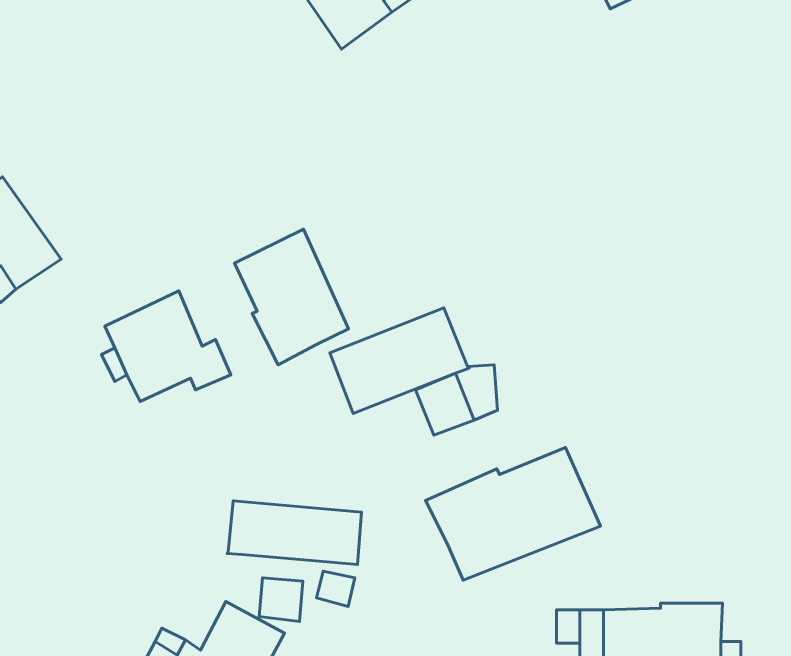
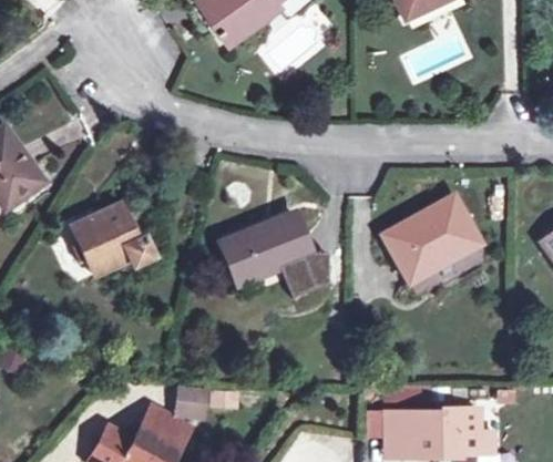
building: [235,229,348,365] -> none
building: none -> [383,196,480,281]
building: [426,448,600,580] -> none
building: [227,501,362,564] -> none

